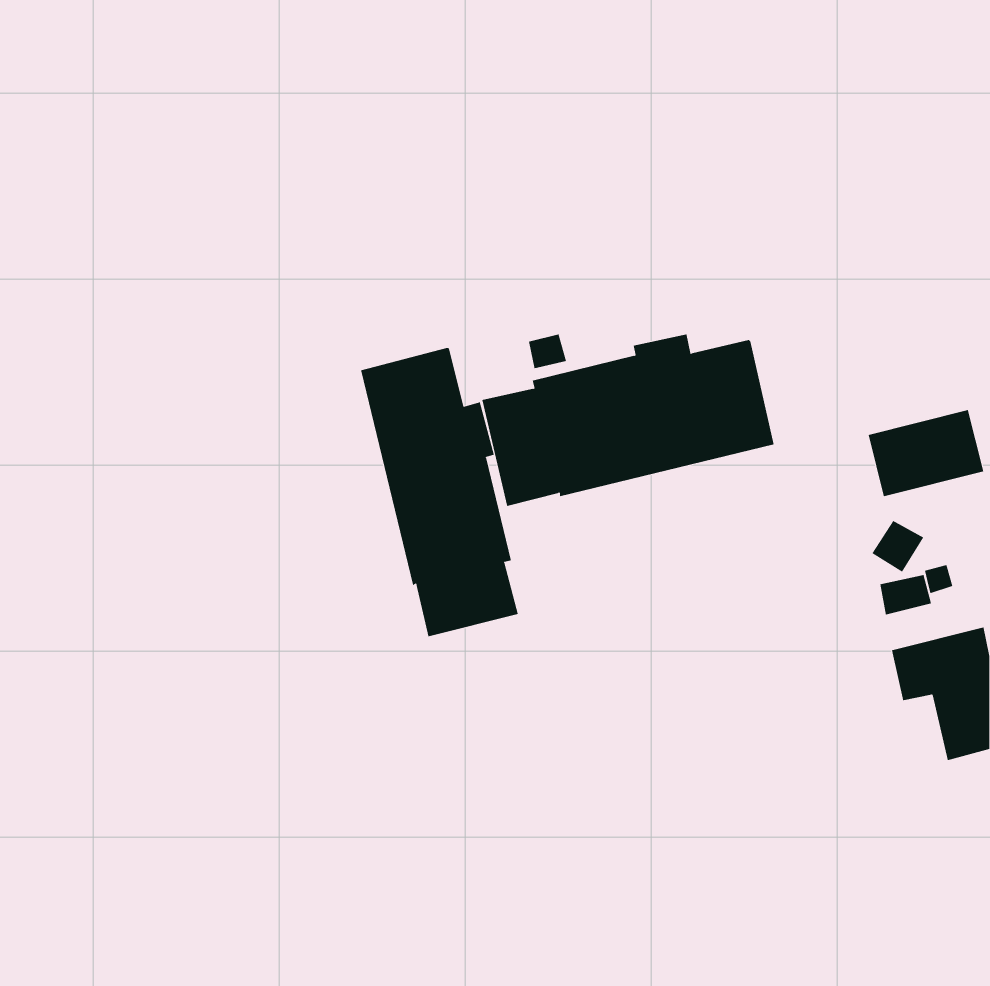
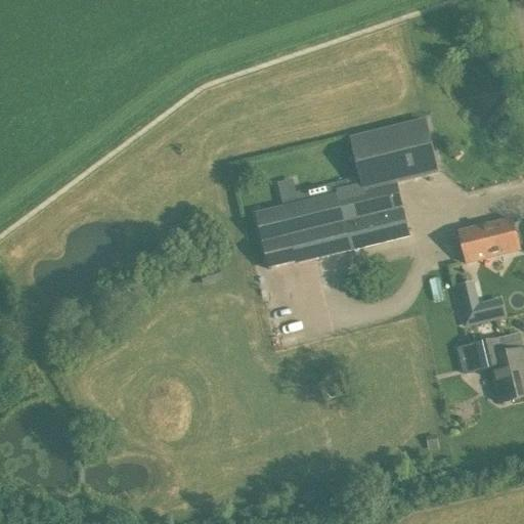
building: none -> [352,120,434,186]
building: [360,347,518,637] -> none

